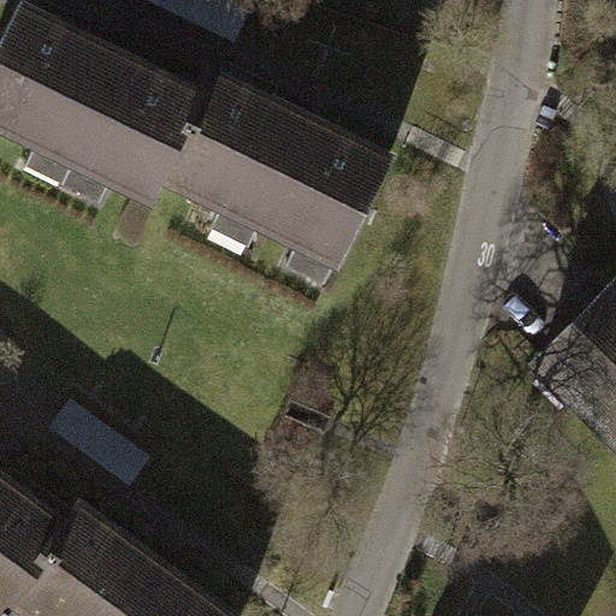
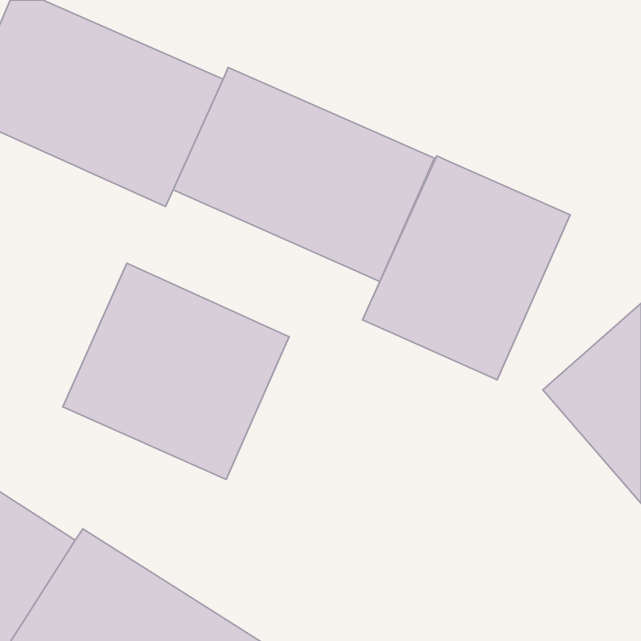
building: none -> [362,156,570,380]
building: none -> [63,263,289,479]

